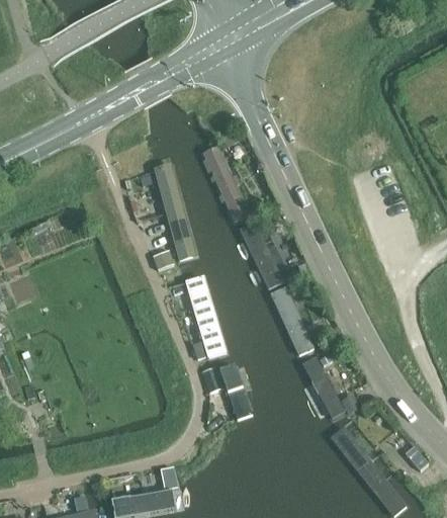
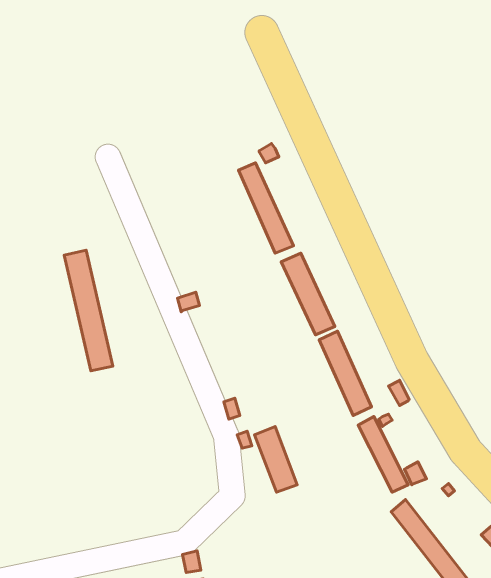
building: [155,164,195,264] -> [64,250,113,371]
building: [186,276,231,359] -> none

